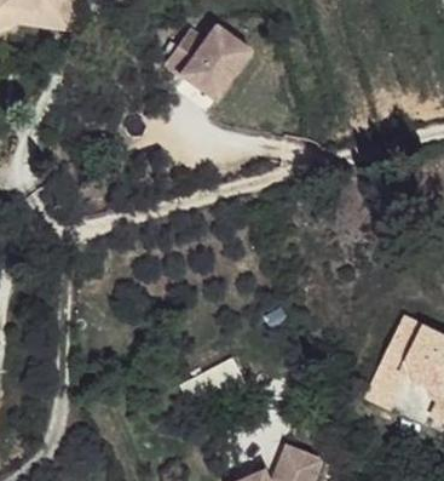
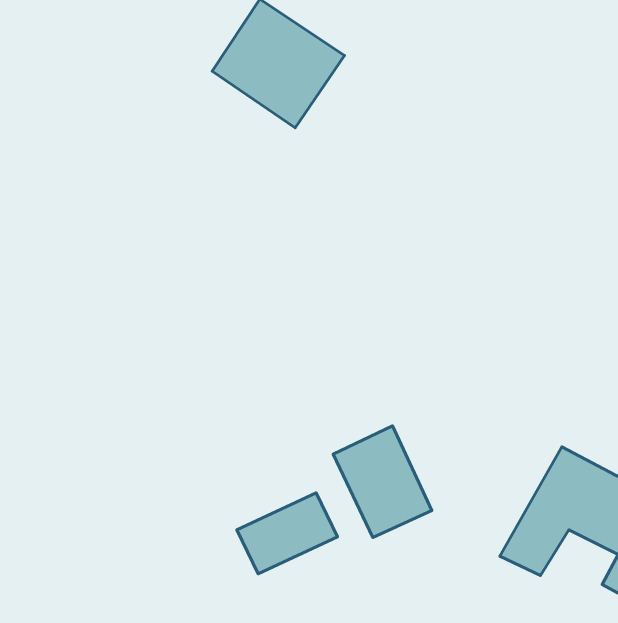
building: none -> [333,426,432,537]

